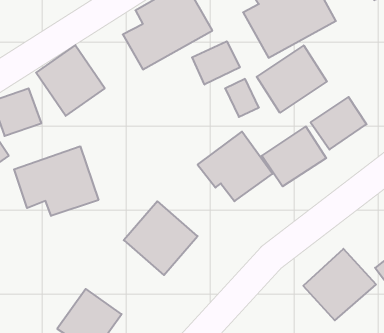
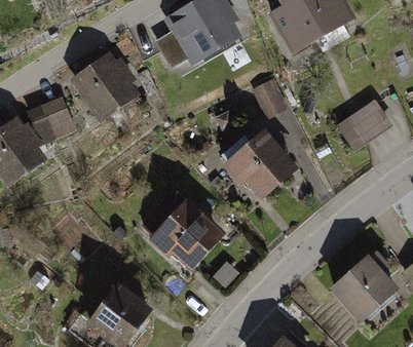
building: [192,41,240,85] -> none
building: [257,45,327,113] -> none
building: [262,126,326,186] -> none
building: [14,146,98,216] -> none

